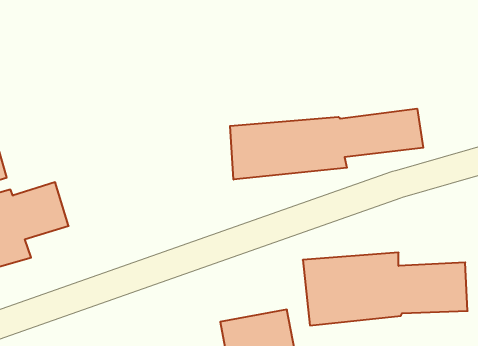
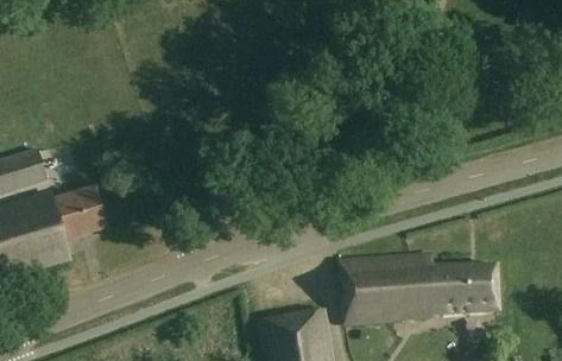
building: [230,109,423,180] -> none

